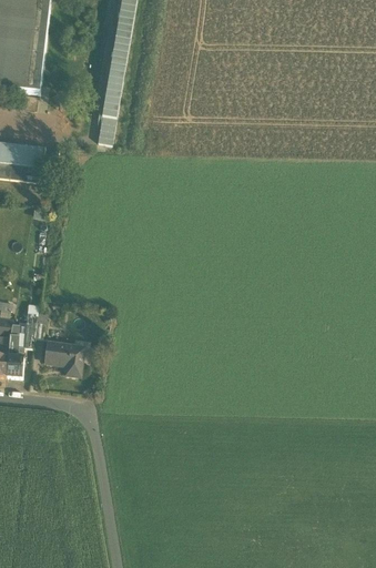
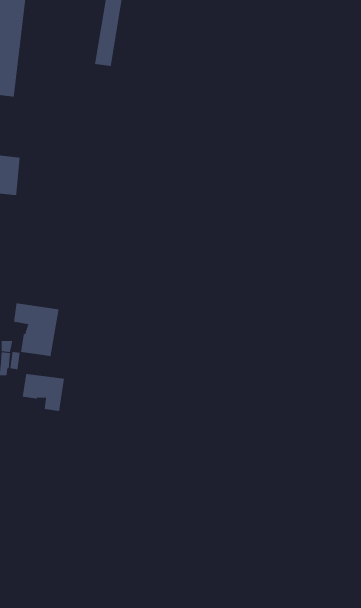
building: [96,62,125,143] -> none
building: none -> [13,303,59,357]

